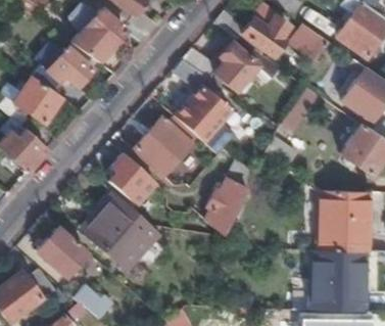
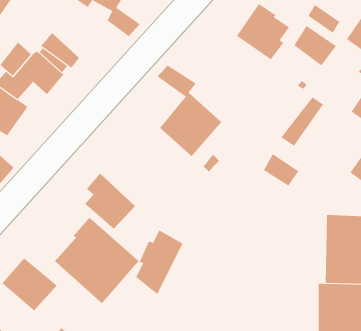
building: [82,9,127,54] -> none
building: [183,39,281,91] -> none
building: [136,119,191,174] -> none
building: [205,178,247,235] -> [135,229,183,295]

